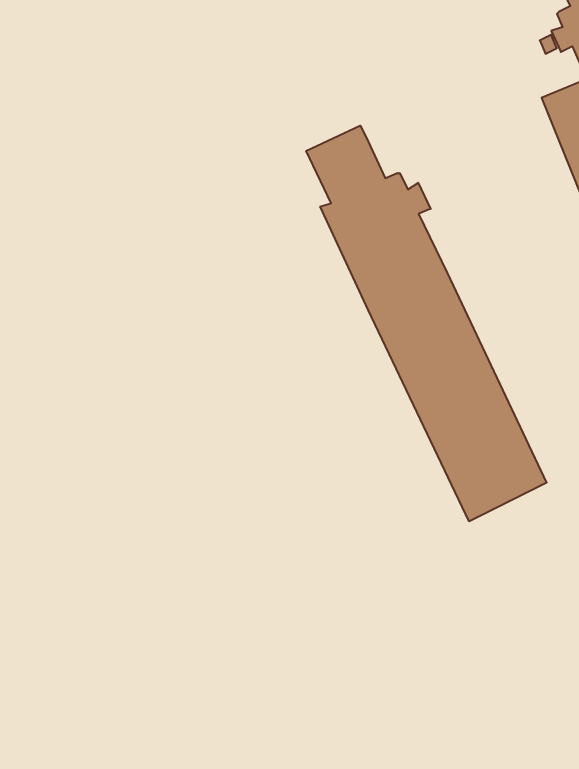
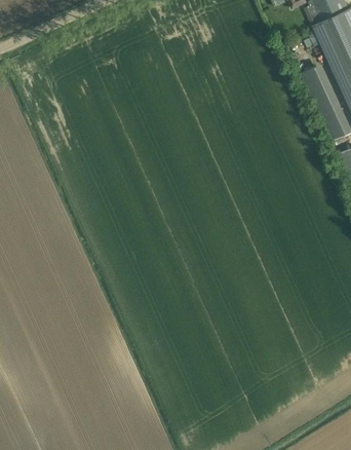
building: [306,126,547,521] -> none

